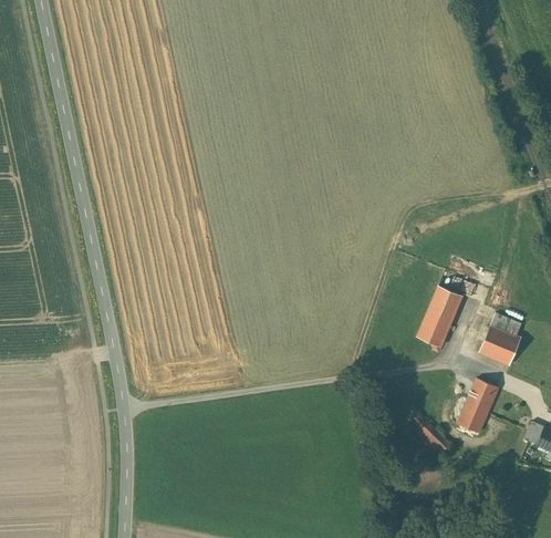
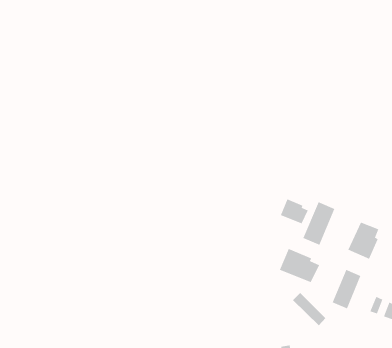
building: none -> [280,199,309,224]
building: none -> [279,248,320,283]

